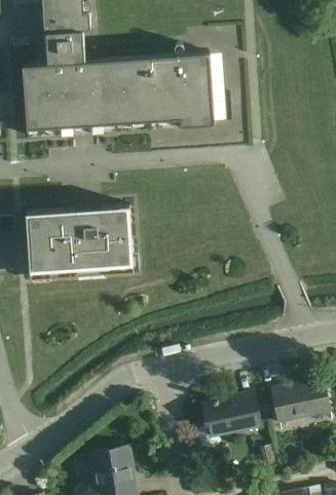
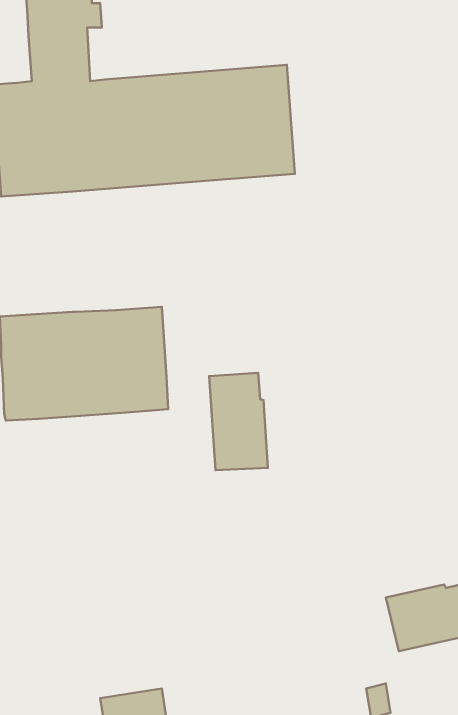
building: none -> [209,373,268,470]
building: [202,391,260,436] -> none

